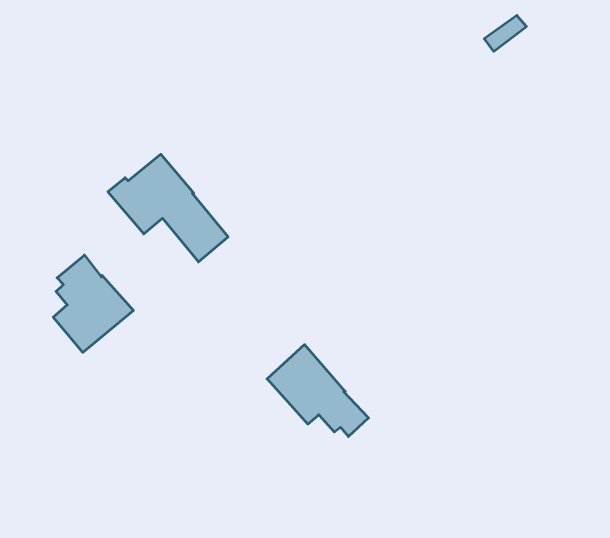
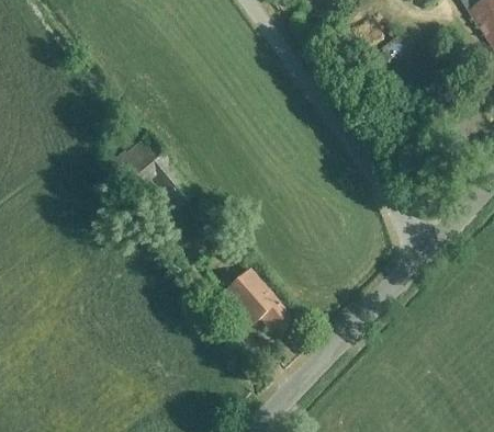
building: [53,255,133,352] -> none

